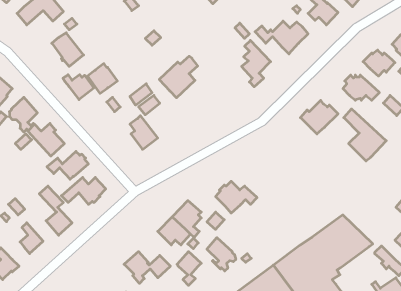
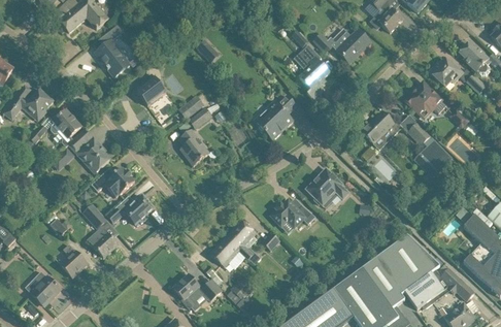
building: [159,56,198,98] -> [255,95,296,139]
building: [63,75,94,100] -> none
building: none -> [306,168,348,204]
building: [207,238,236,271] -> none
building: none -> [404,269,450,309]

